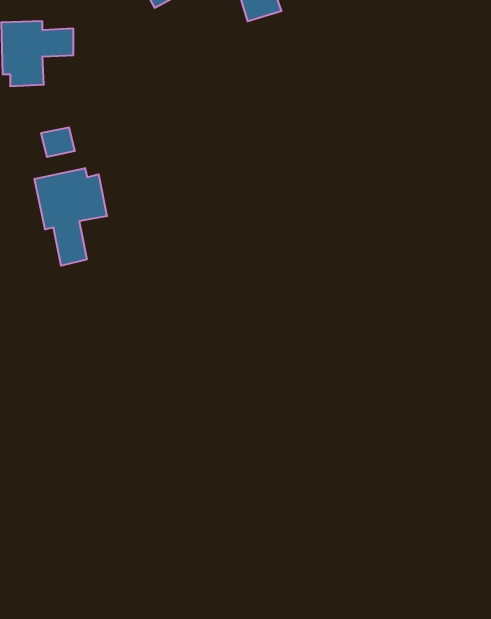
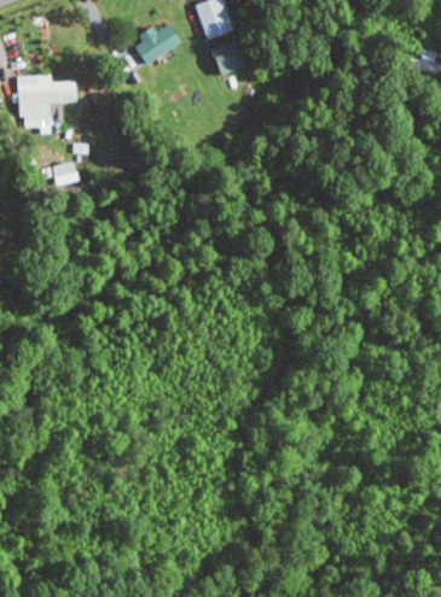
building: [35,168,107,266] -> none

